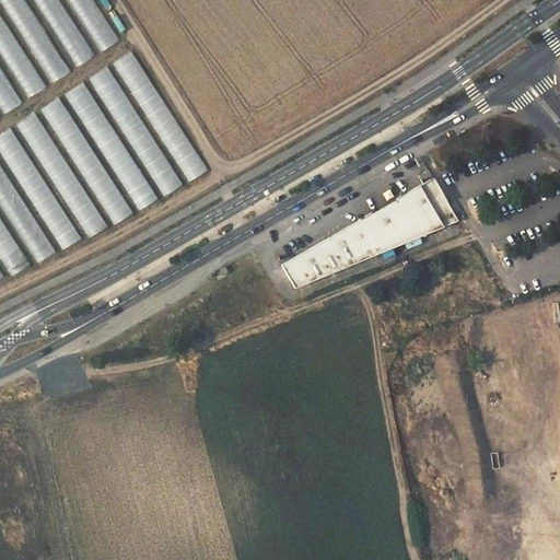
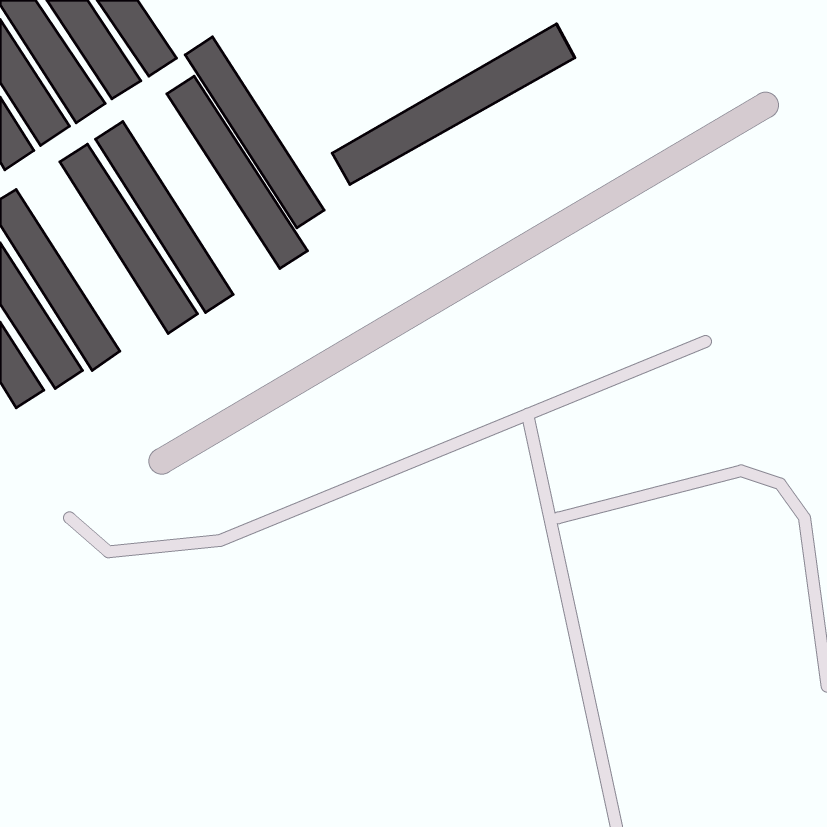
building: none -> [332,24,575,185]
building: [89,67,183,196] -> [185,37,324,228]
building: [16,113,107,238] -> none
building: [281,163,456,288] -> none

